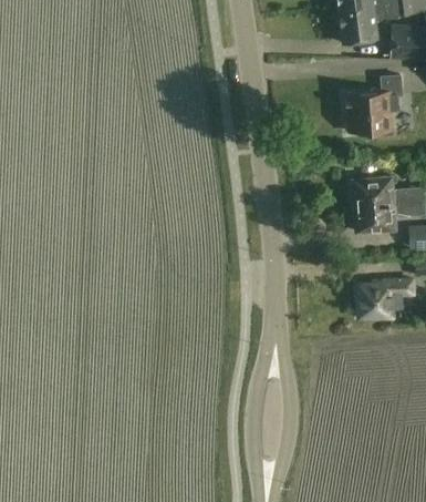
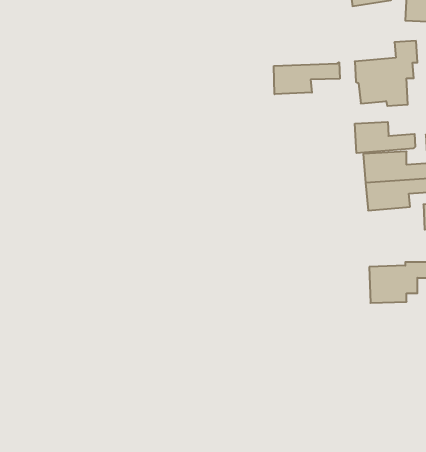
building: none -> [274,62,340,94]
building: none -> [355,122,415,153]

